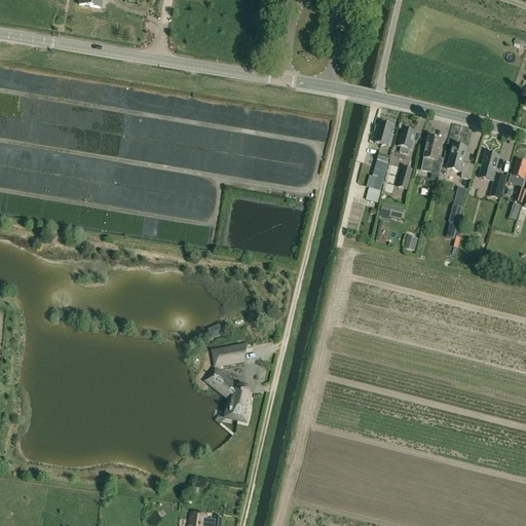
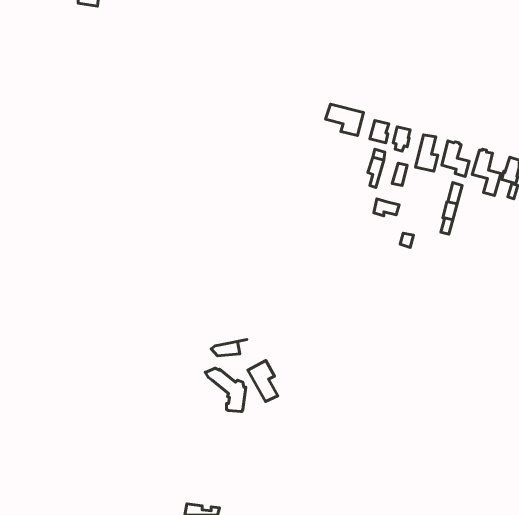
building: none -> [326,104,364,136]
building: none -> [248,361,278,402]

